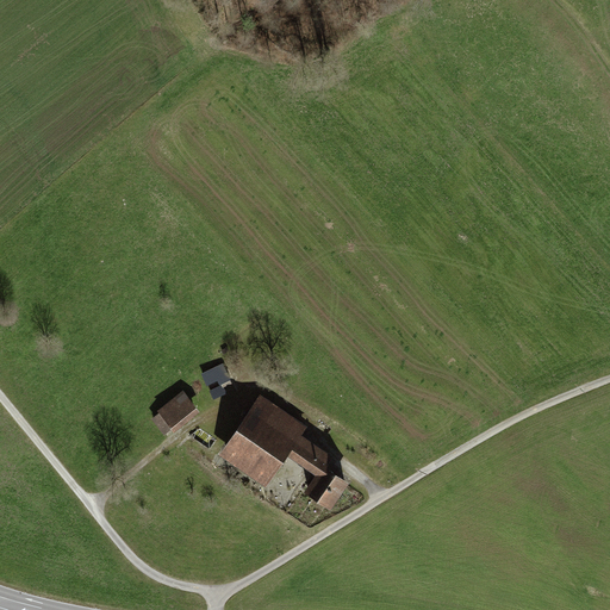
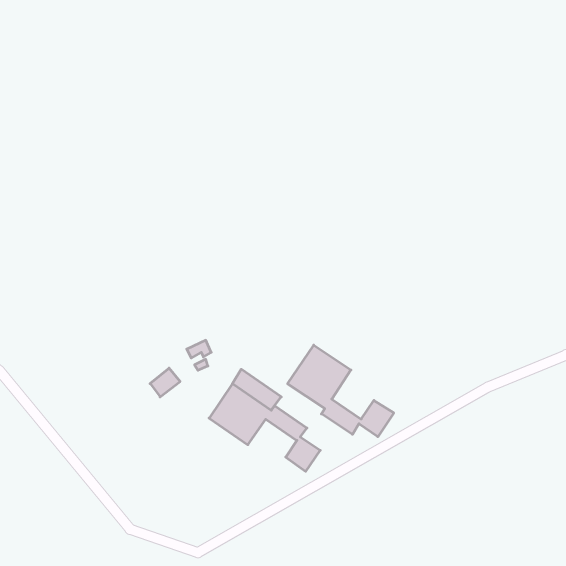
building: none -> [288,345,394,437]

